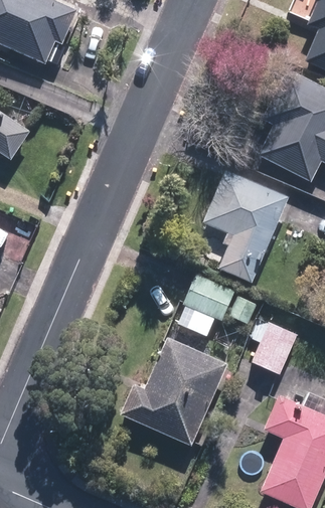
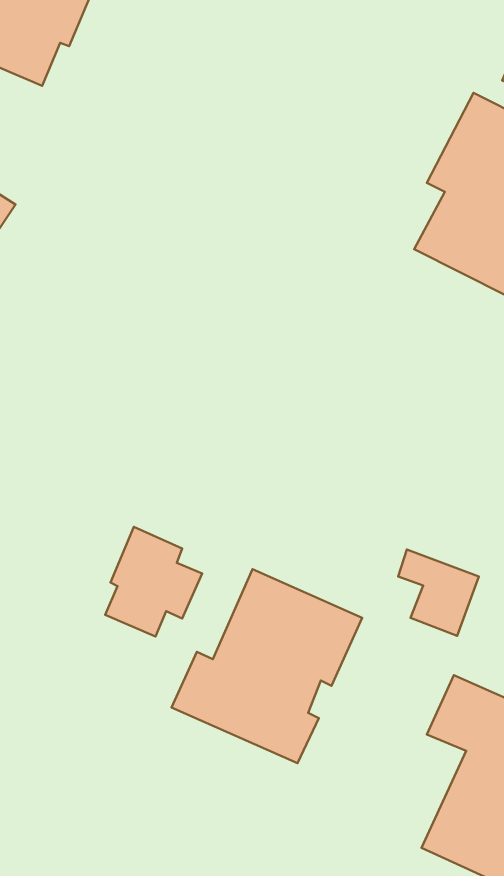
building: [203,169,290,281] -> none
building: [178,272,232,333] -> [105,527,202,636]

